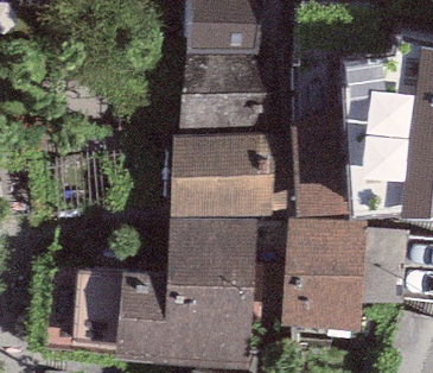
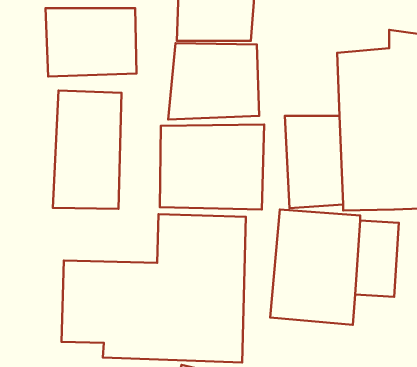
building: none -> [46,8,137,76]
building: none -> [53,90,121,209]

